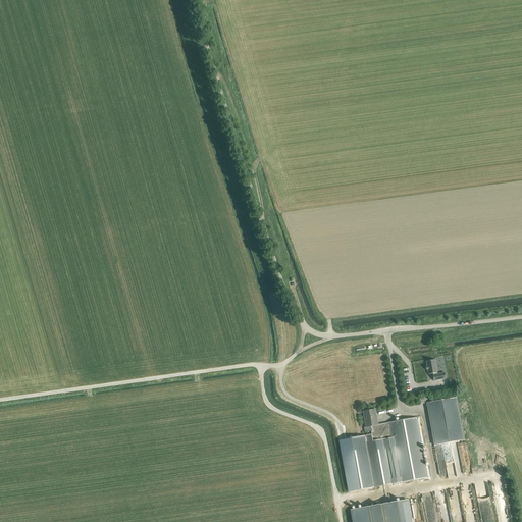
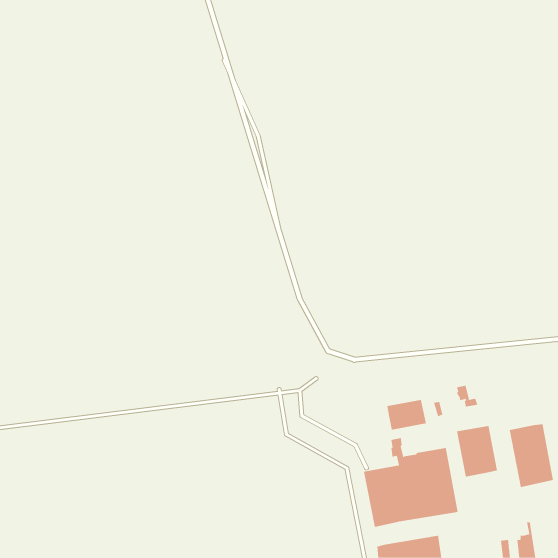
building: none -> [387,399,426,430]
building: none -> [509,423,553,488]

